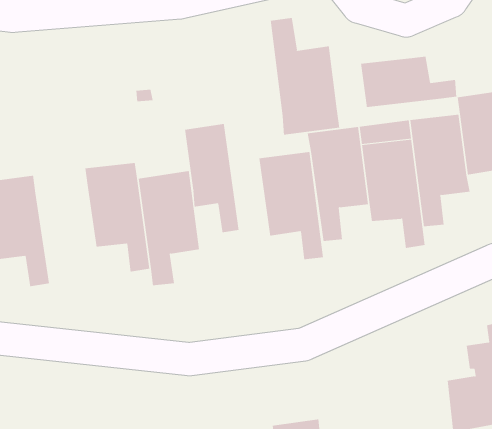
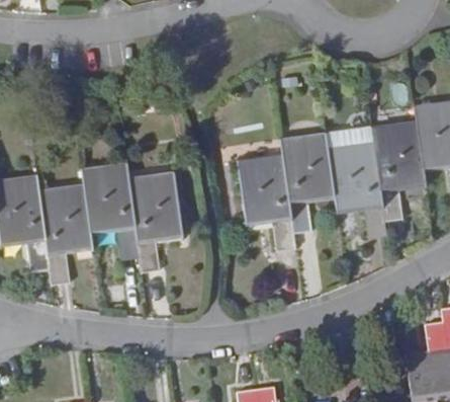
building: [270,17,340,135] -> none
building: [360,56,457,108] -> none
building: [185,123,239,233] -> none
building: none -> [36,180,92,283]

